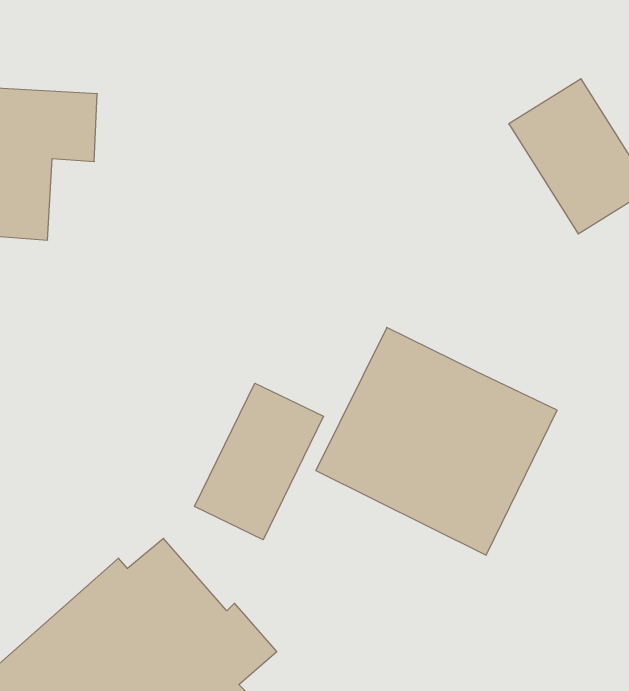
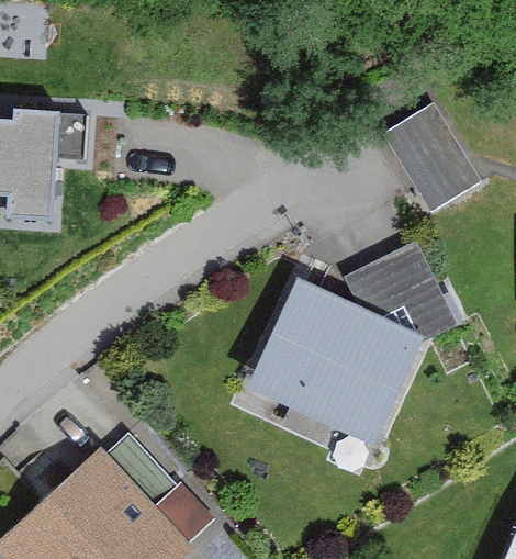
building: none -> [344,247,453,344]
building: [195,383,323,540] -> none

